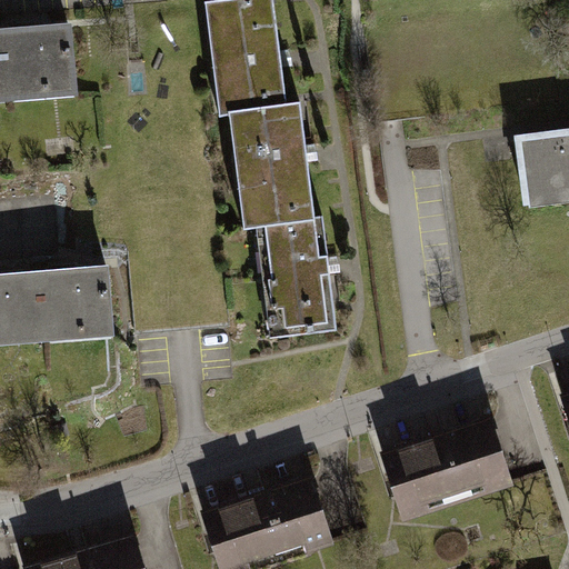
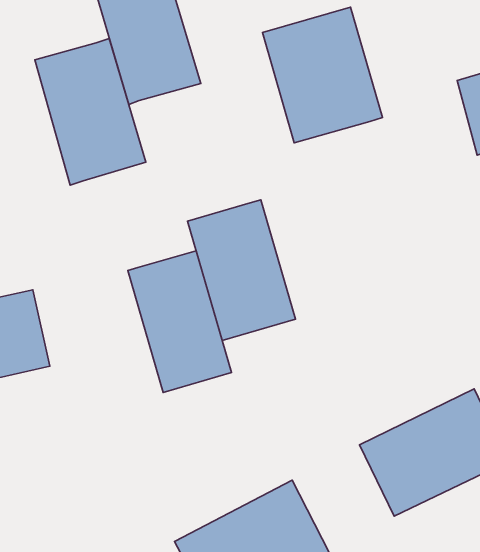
building: none -> [262,7,382,143]
building: [229,101,315,228] -> [35,38,146,185]
building: none -> [128,251,232,392]

